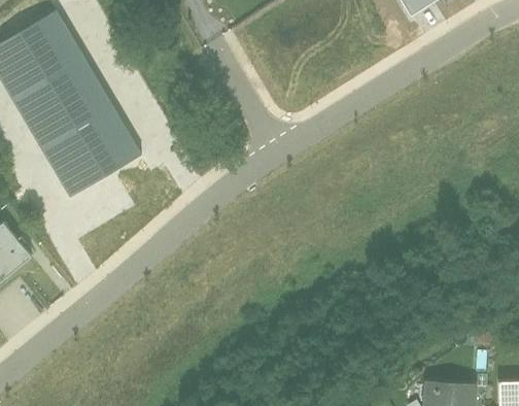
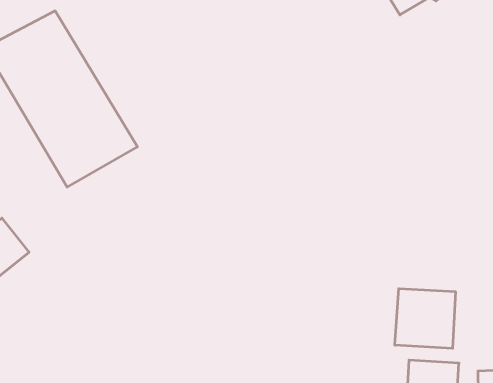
building: none -> [395,289,455,348]

